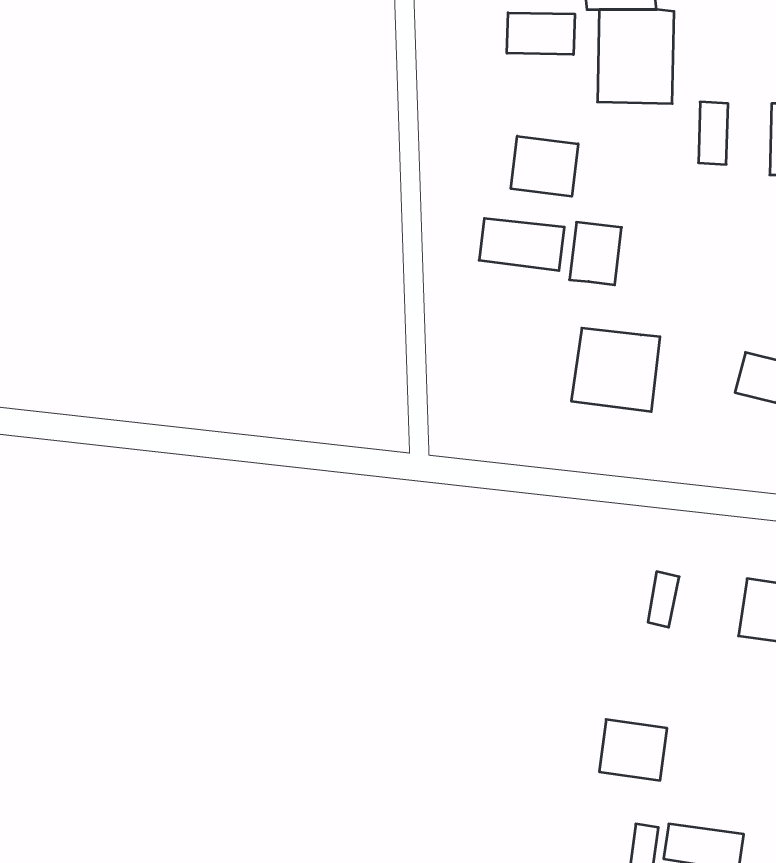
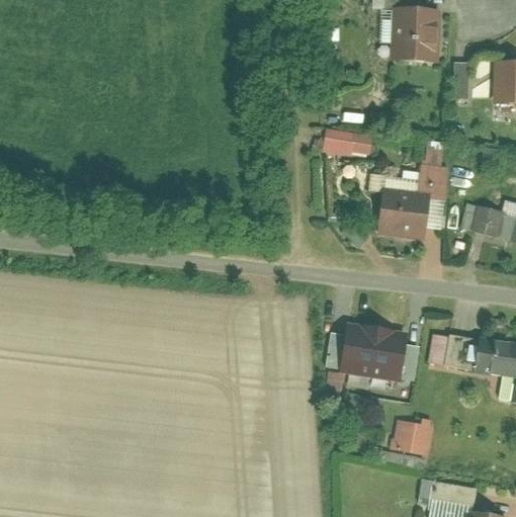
building: [507,13,575,55] -> none
building: [511,136,578,196] -> none
building: [569,222,622,285] -> [419,163,449,199]
building: none -> [340,317,407,380]

